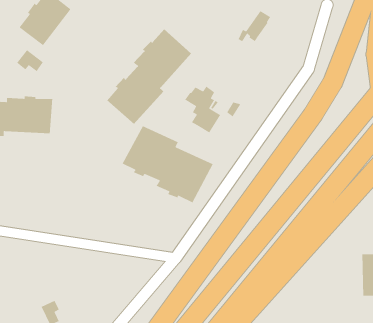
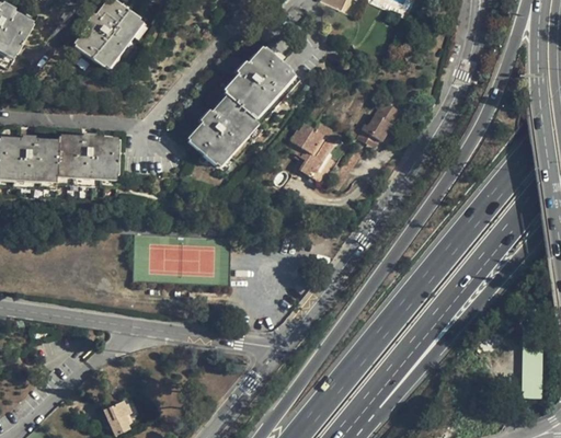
building: [238,10,271,42] -> [357,99,401,140]
building: [16,49,44,72] -> none
building: [121,125,214,203] -> none

